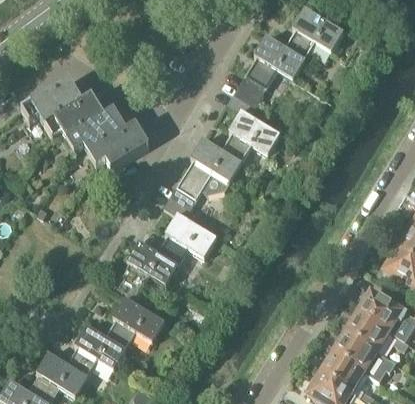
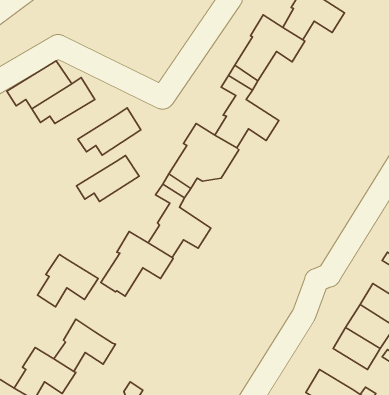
building: [67,109,127,153] -> [76,155,139,201]
building: [105,298,163,348] -> [38,254,98,307]
building: [320,353,366,393] -> none

